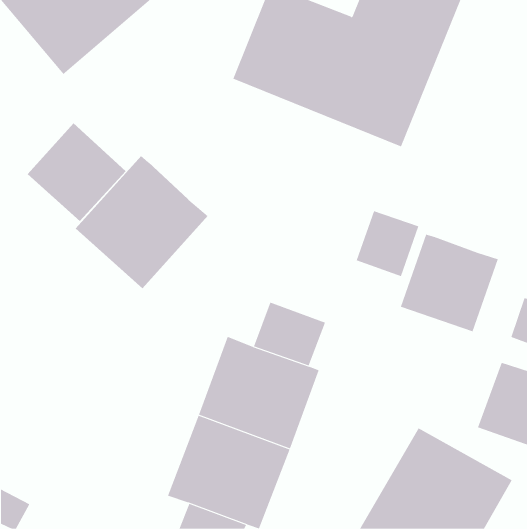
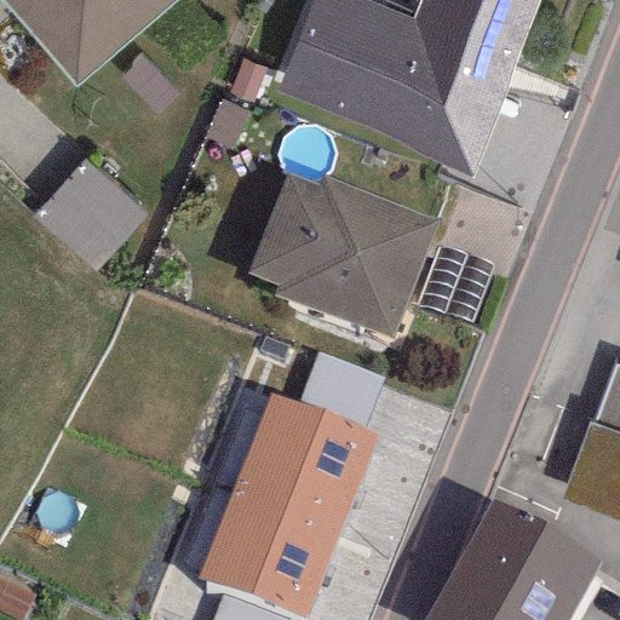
building: none -> [248,173,441,339]
building: [75,155,209,289] -> none
building: [400,234,498,332] -> none

